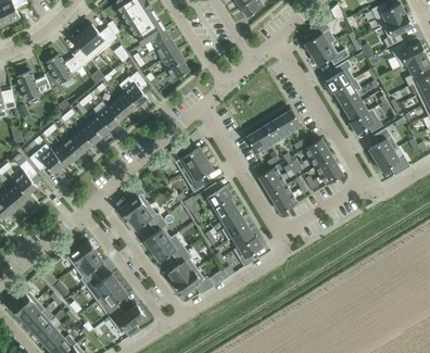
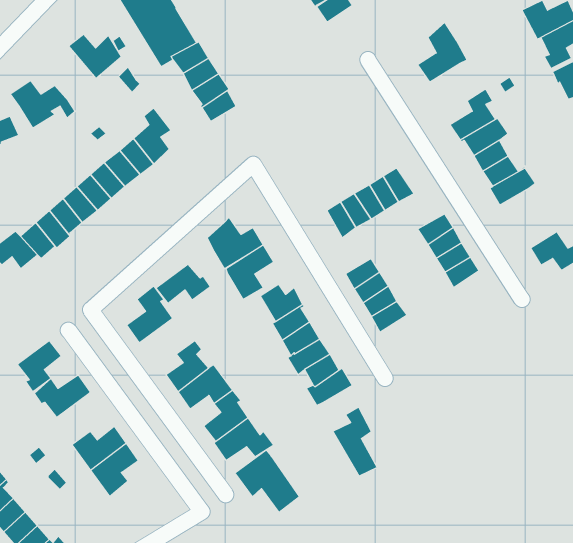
building: [73,33,100,67] -> none
building: [312,43,349,66] -> none
building: [369,128,397,161] -> none
building: [128,205,163,230] -> [156,264,210,304]
building: [75,253,103,286] -> [17,341,62,392]
building: none -> [333,407,377,476]
building: none -> [235,450,300,512]
building: [109,305,144,337] -> none

